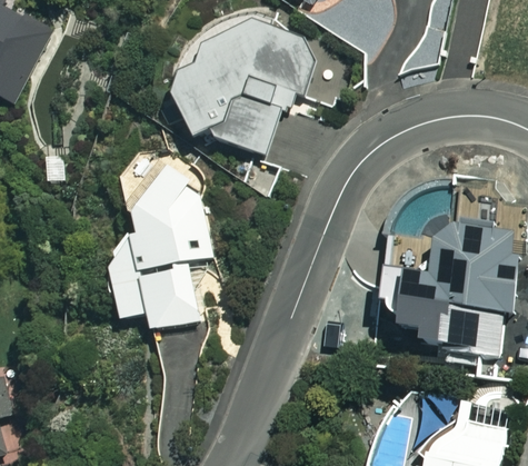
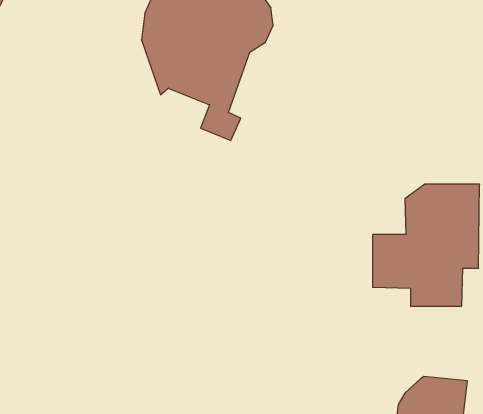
building: [108,140,212,333] -> none

